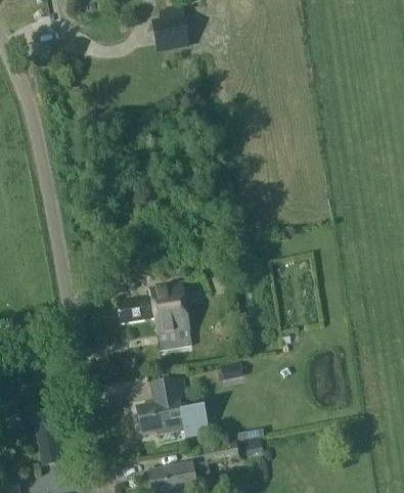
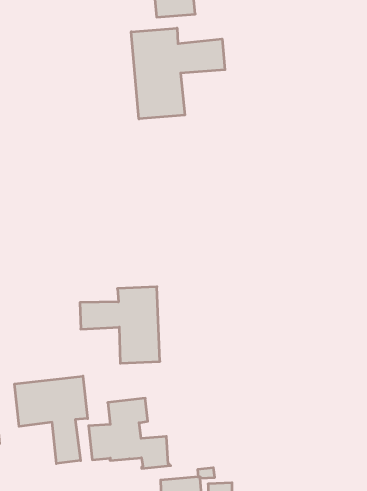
building: none -> [131,28,225,119]
building: none -> [15,376,88,464]

